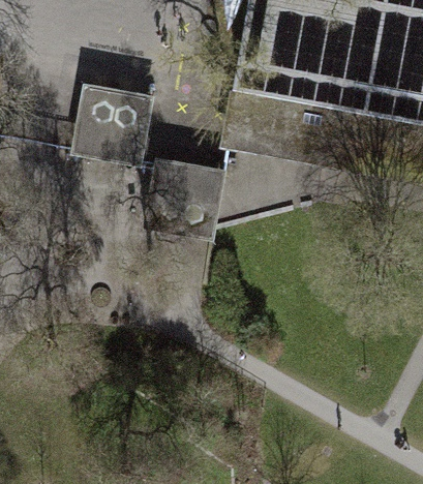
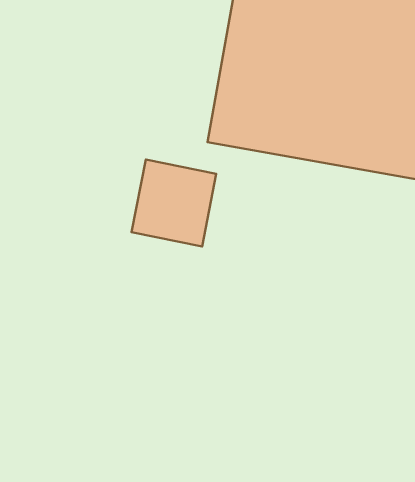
building: [73,81,158,164] -> none

